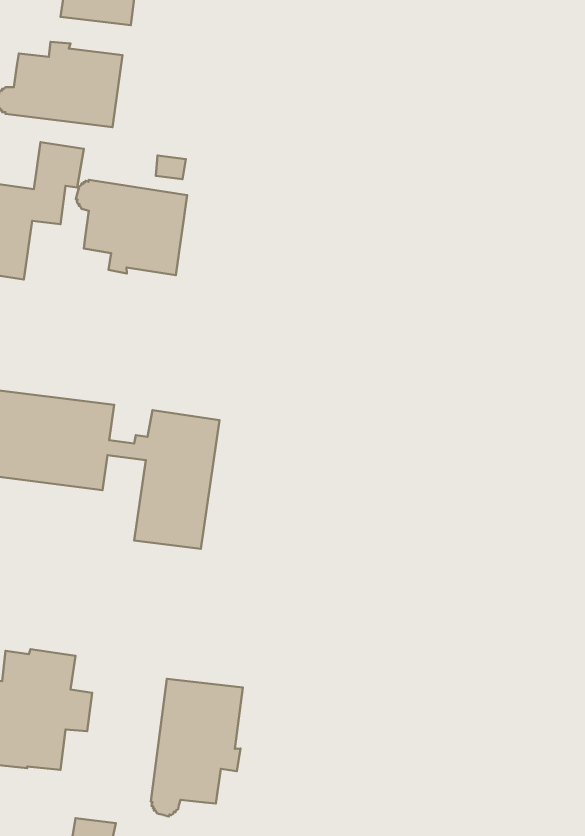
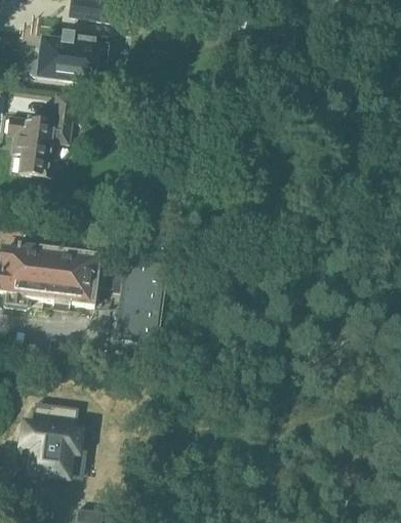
building: [76,180,187,275] -> none
building: [151,679,243,816] -> none

